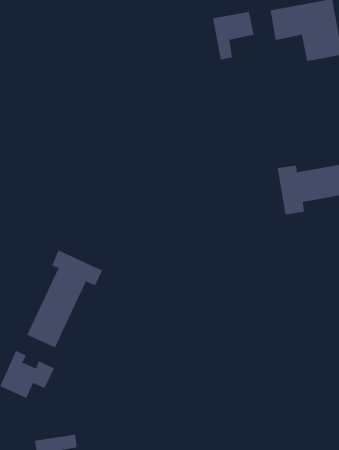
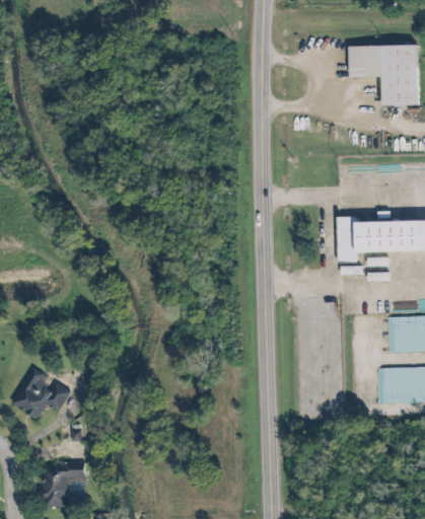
building: [213,11,254,60] -> none
building: [27,249,103,348] -> none

